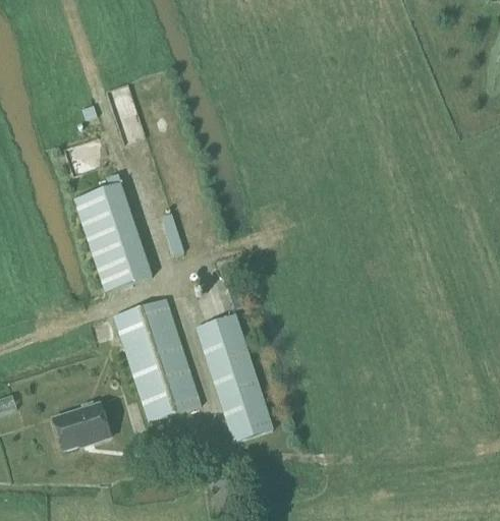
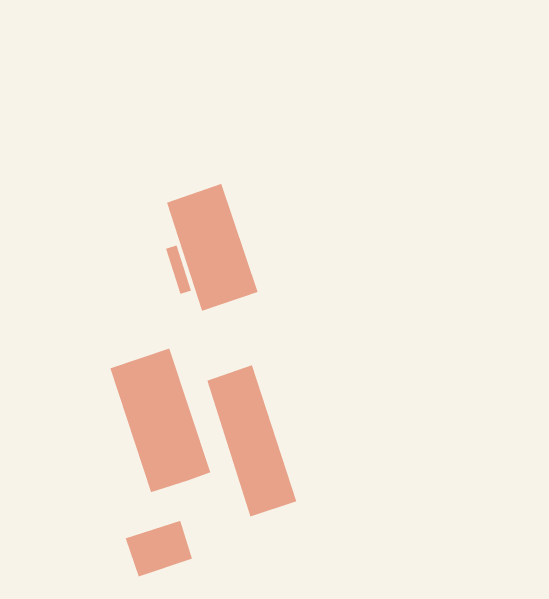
building: [74,183,152,291] -> [166,183,258,312]
building: [53,402,110,450] -> [125,520,193,577]

